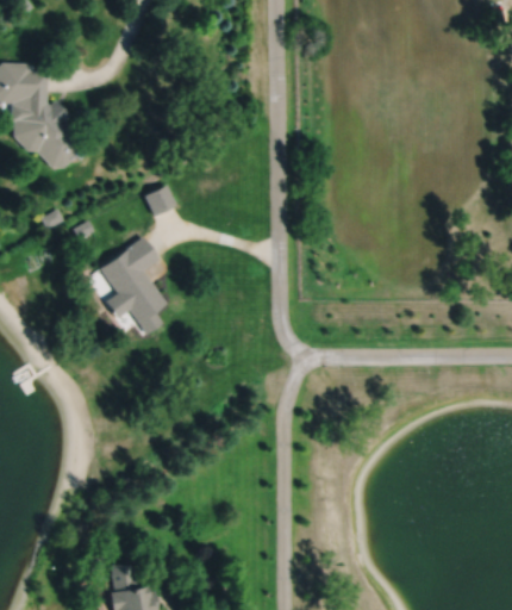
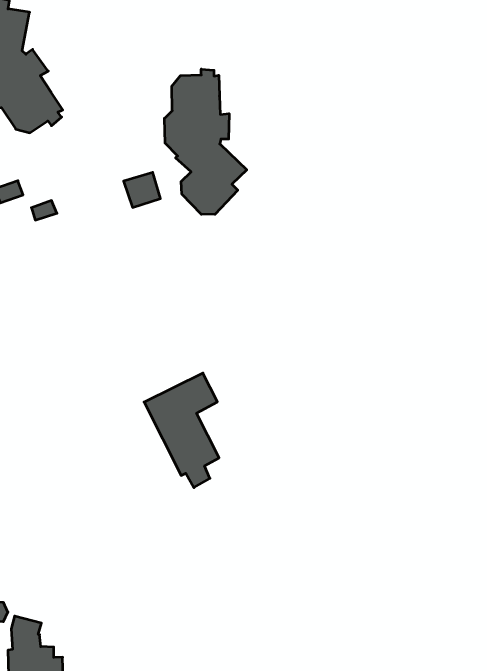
building: none -> [164,69,247,214]
building: [99,237,167,331] -> [144,373,219,488]

